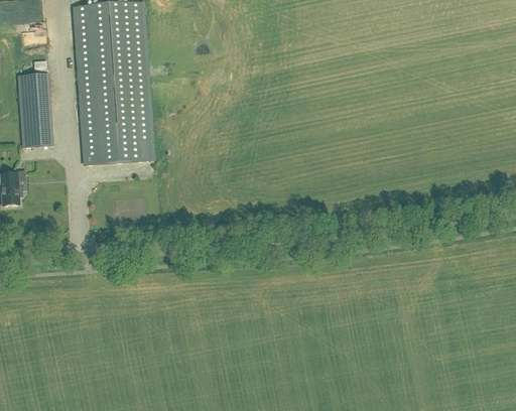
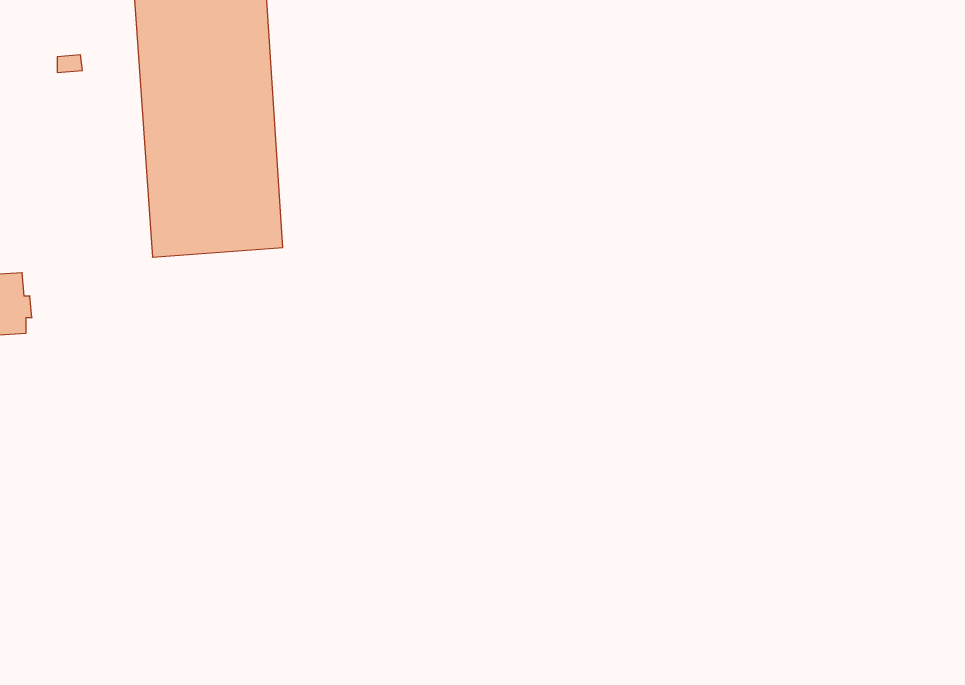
building: [17,73,52,145] -> none

